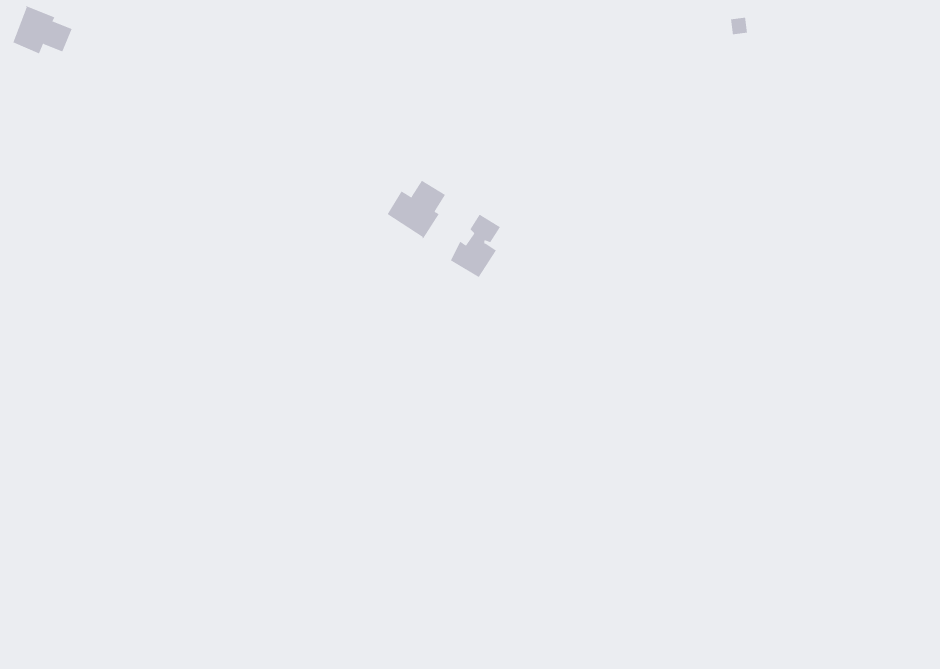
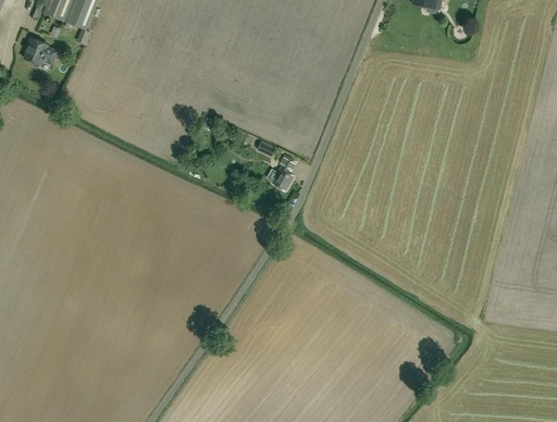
building: [387,180,446,240] -> none

